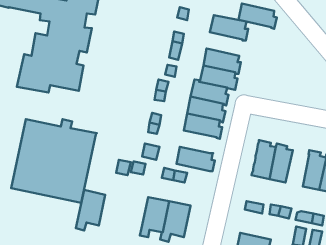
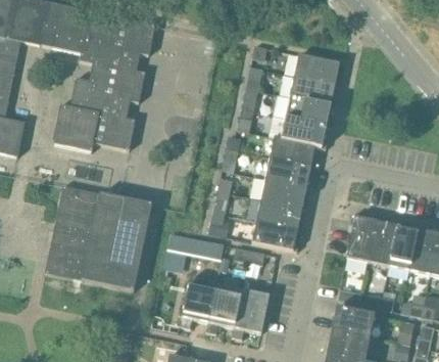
building: [238,4,277,29] -> [289,76,337,107]
building: none -> [255,199,304,230]
building: none -> [388,220,418,270]
building: [76,190,105,230] -> [179,277,215,328]
building: none -> [331,307,374,336]

